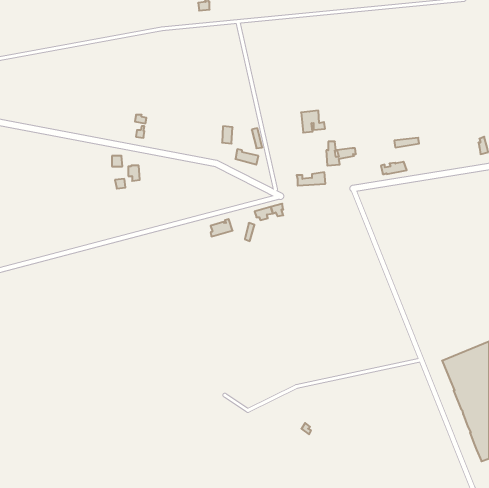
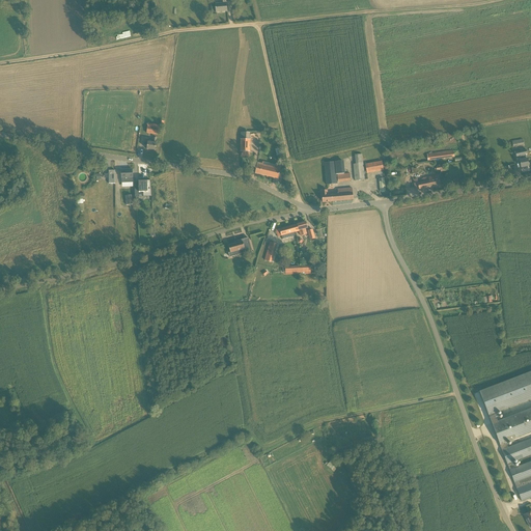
building: [301,111,325,133] -> [325,160,351,184]

